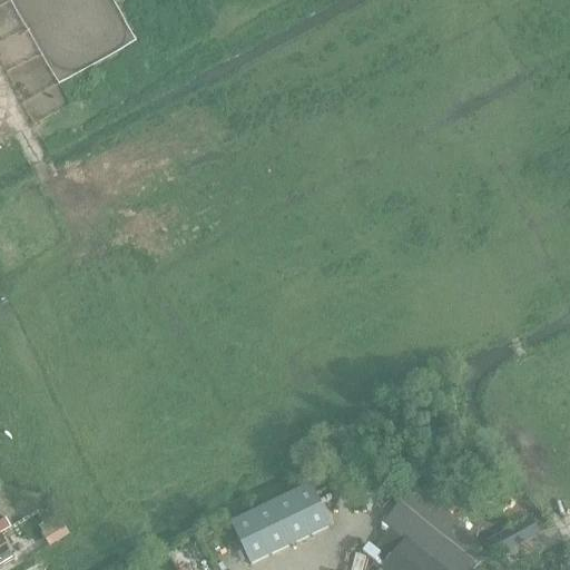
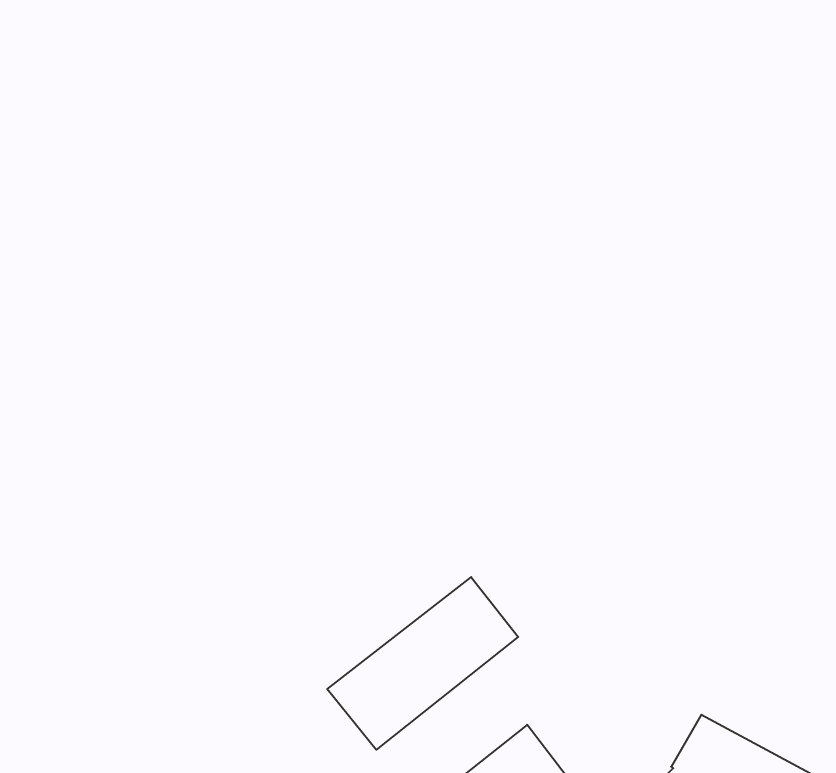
building: none -> [327,577,518,750]

